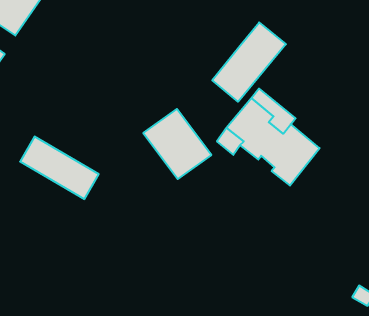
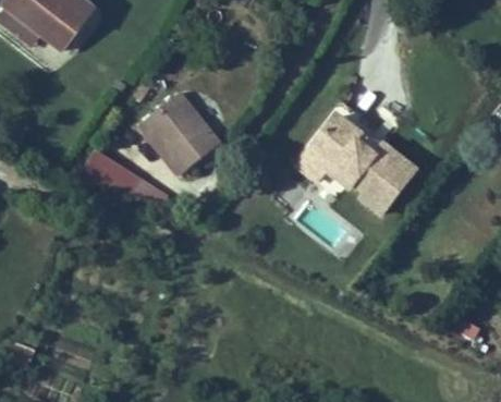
building: [212,22,286,102] -> none
building: [143,109,211,179] -> [145,88,222,168]

